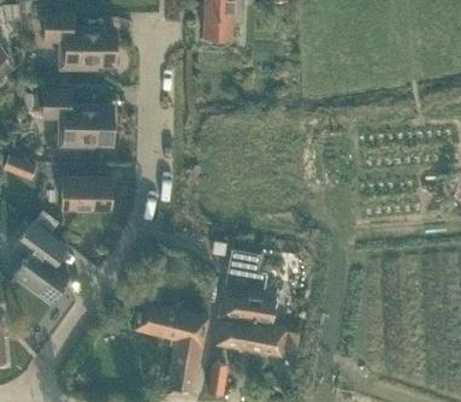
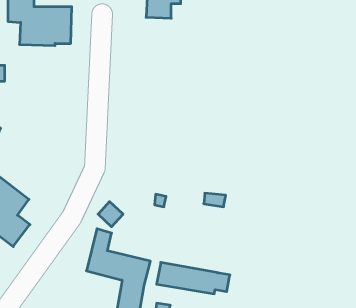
building: [43,91,113,143] -> none
building: [63,178,112,212] -> none
building: [220,250,276,325] -> none

